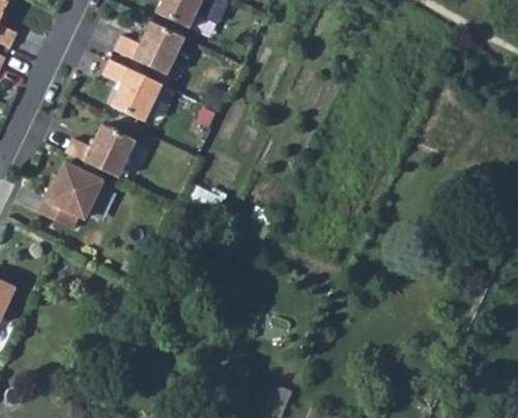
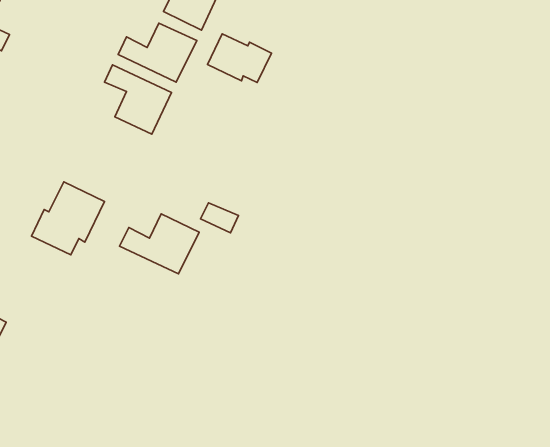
building: none -> [208,34,272,82]
building: [66,123,138,177] -> [119,214,199,274]

